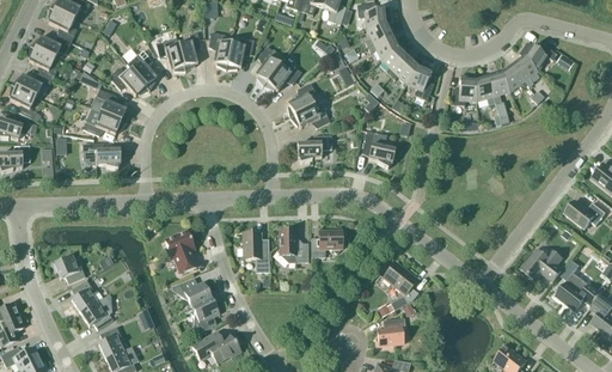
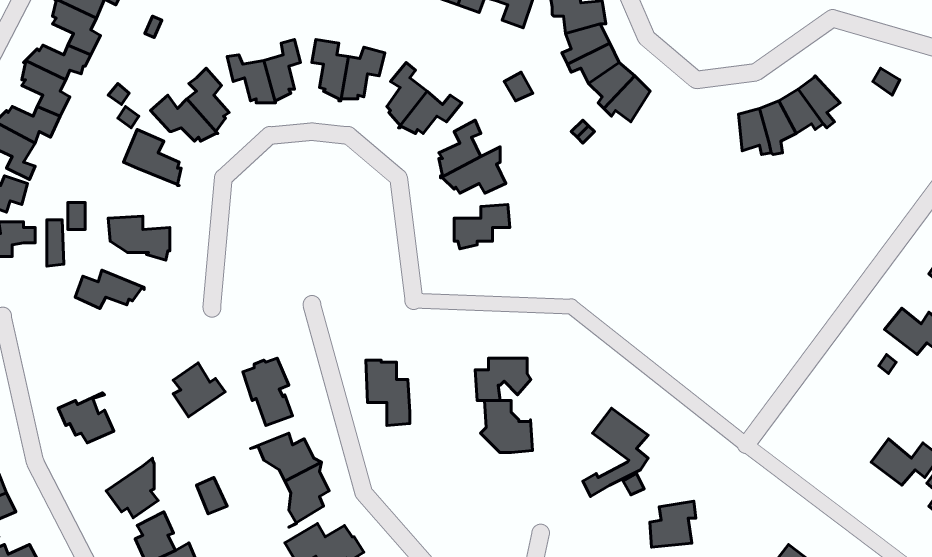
building: [519,42,557,72] -> none
building: [406,62,434,100] -> none
building: [451,75,476,105] -> none
building: [82,112,126,136] -> [75,270,144,309]
building: [362,132,394,169] -> none
building: [276,231,308,263] -> [481,401,532,452]
building: [520,249,562,281] -> none
building: [71,280,103,313] -> [173,363,225,417]
building: [377,317,405,346] -> [650,501,696,547]

